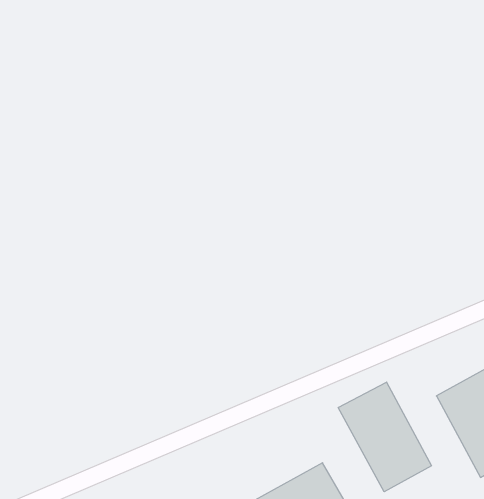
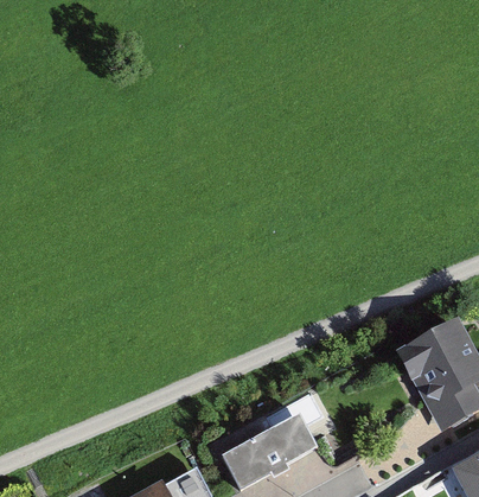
building: [338,382,431,492] -> none

